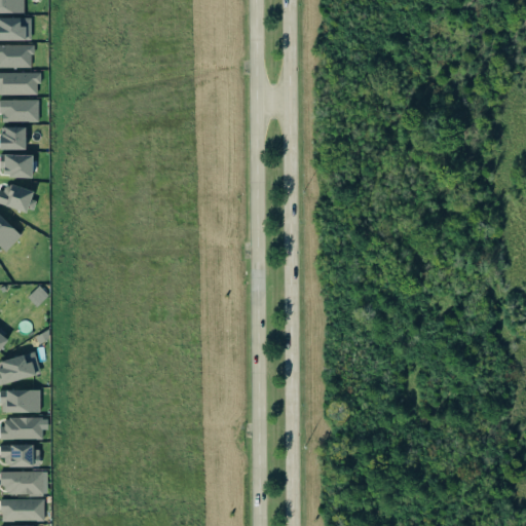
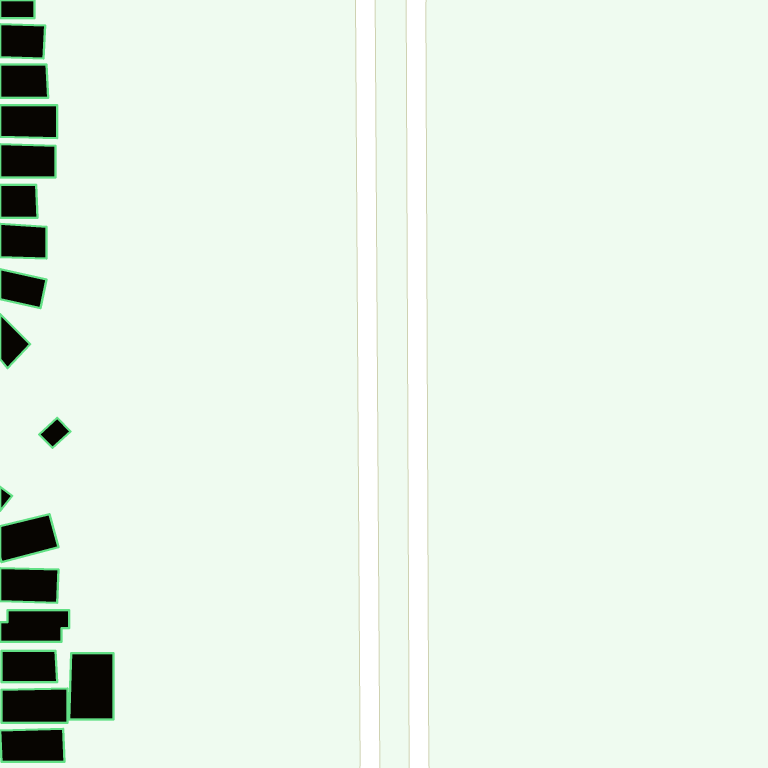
building: none -> [69,653,114,720]

